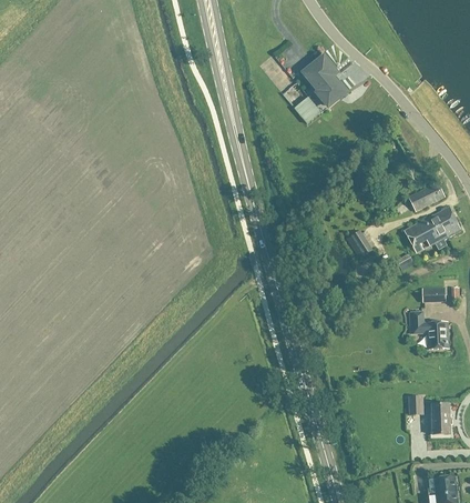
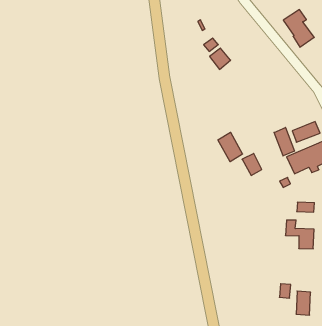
building: [304,56,346,104] -> [283,10,314,47]
building: none -> [274,127,294,156]
building: none -> [218,132,243,162]

